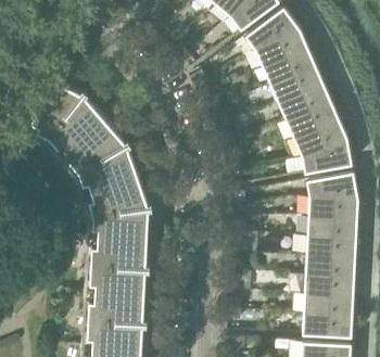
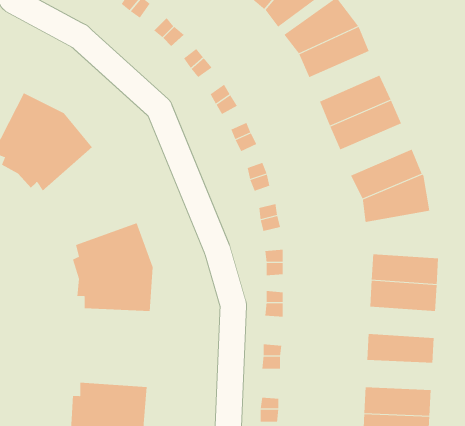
building: [263,50,315,87] -> none
building: [286,103,339,141] -> none
building: [67,120,137,192] -> none
building: [306,175,358,202] -> none
building: [306,238,356,260] -> none
building: [90,239,147,296] -> none
building: [304,277,354,298] -> none

